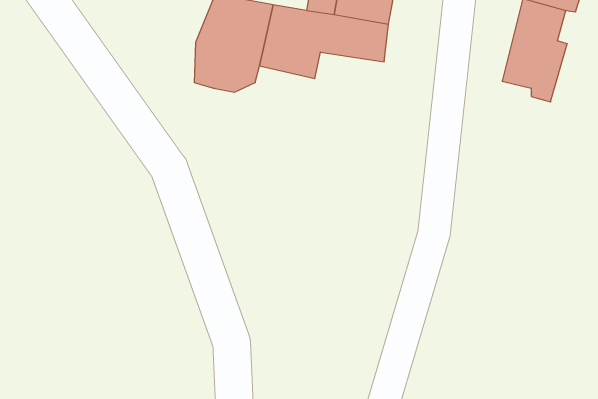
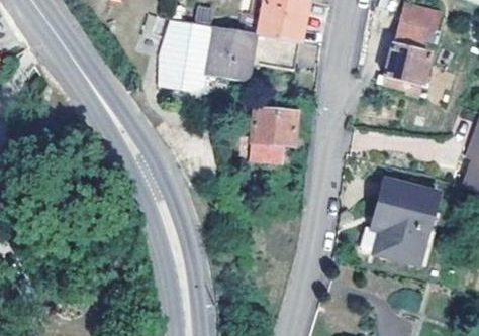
building: none -> [251,109,295,163]
building: none -> [364,181,435,262]

